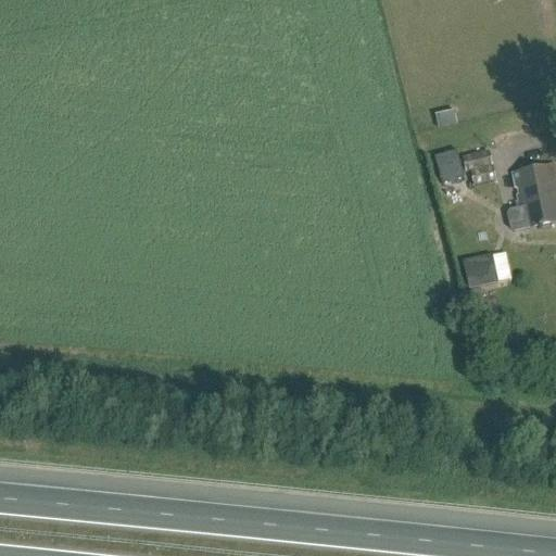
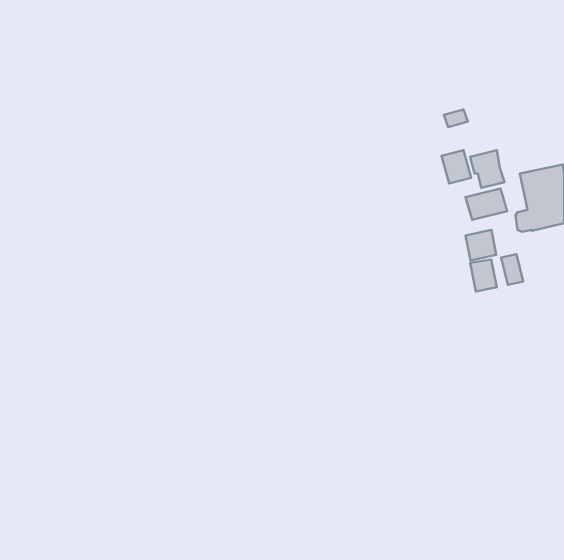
building: none -> [466,188,507,220]
building: none -> [466,230,496,260]

